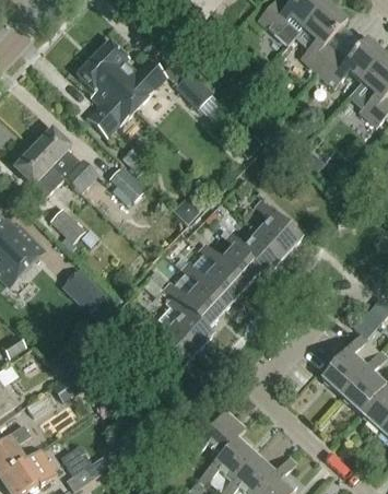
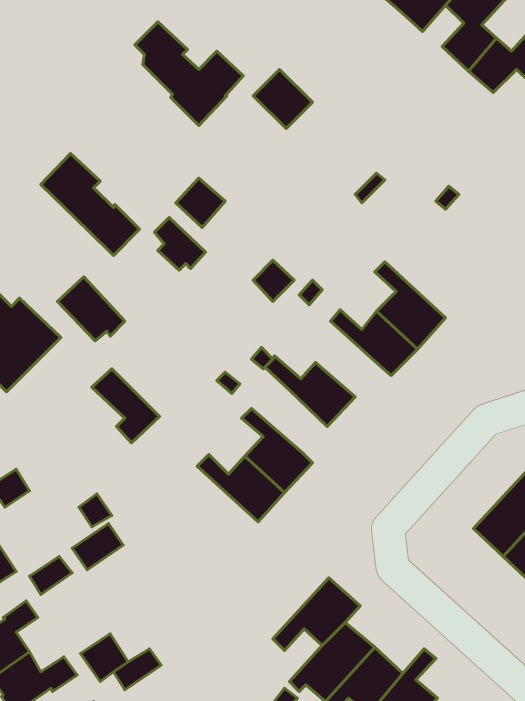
building: [78,54,138,136] -> none
building: [14,146,64,199] -> none
building: [199,242,259,287] -> none
building: [164,280,223,325] -> none

